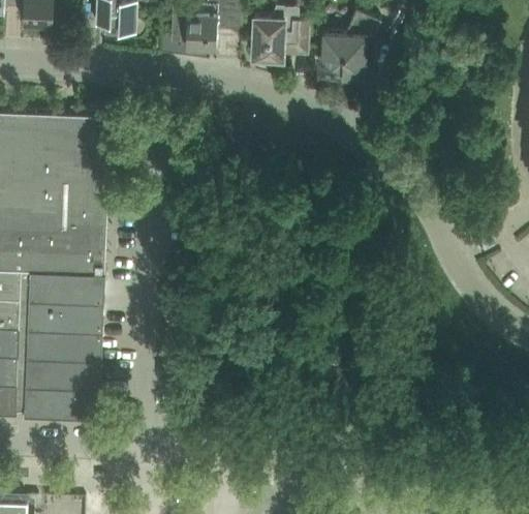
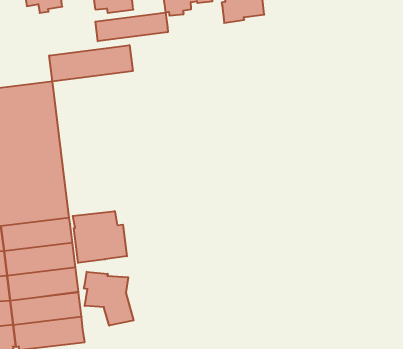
building: none -> [95,13,168,41]
building: none -> [49,45,133,81]
building: none -> [73,211,127,263]
building: none -> [84,272,134,326]

